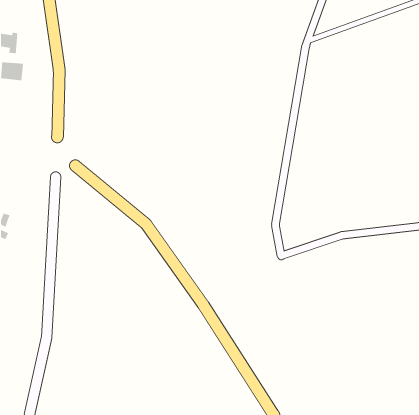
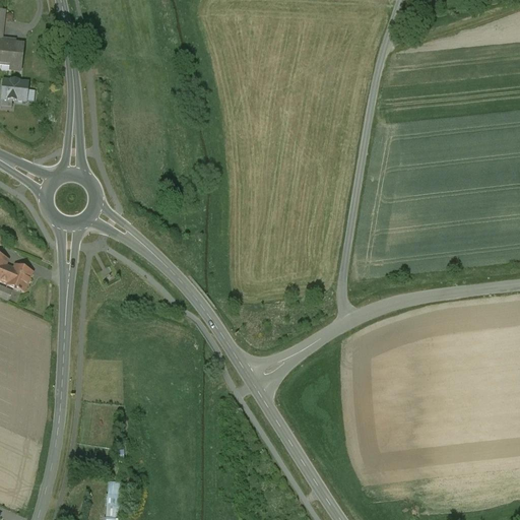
building: none -> [7,262,31,289]

